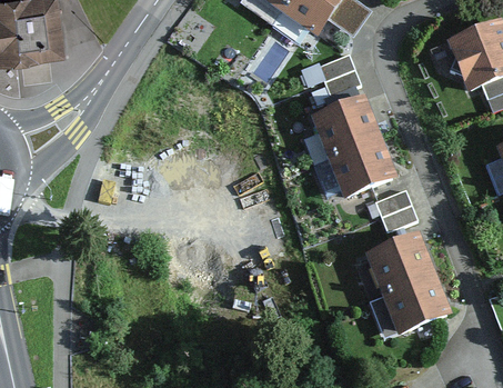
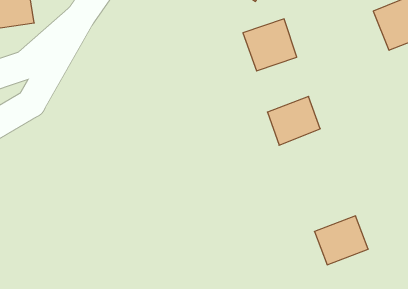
building: [315,105,376,159] -> none
building: [374,190,418,232] -> none
building: [369,239,430,295] -> none

